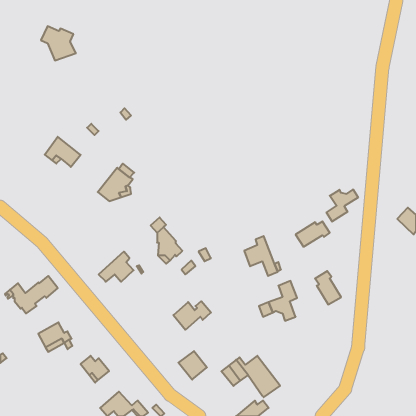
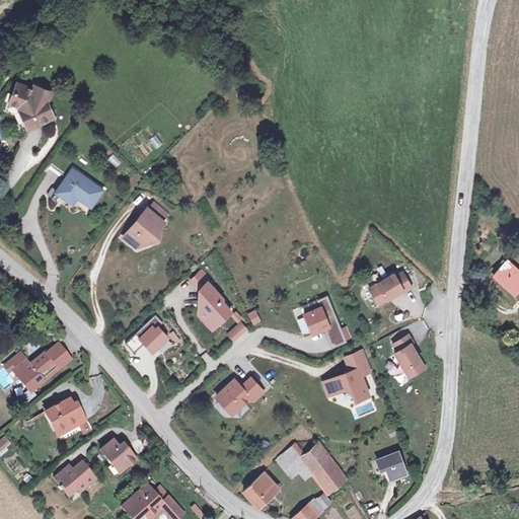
building: [41,26,76,60] -> [8,82,52,125]
building: [327,189,358,222] -> none
building: [178,351,207,380] -> [242,468,278,504]
building: none -> [378,451,407,480]
building: none -> [55,465,95,498]

